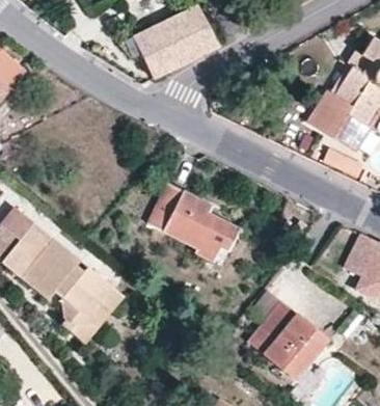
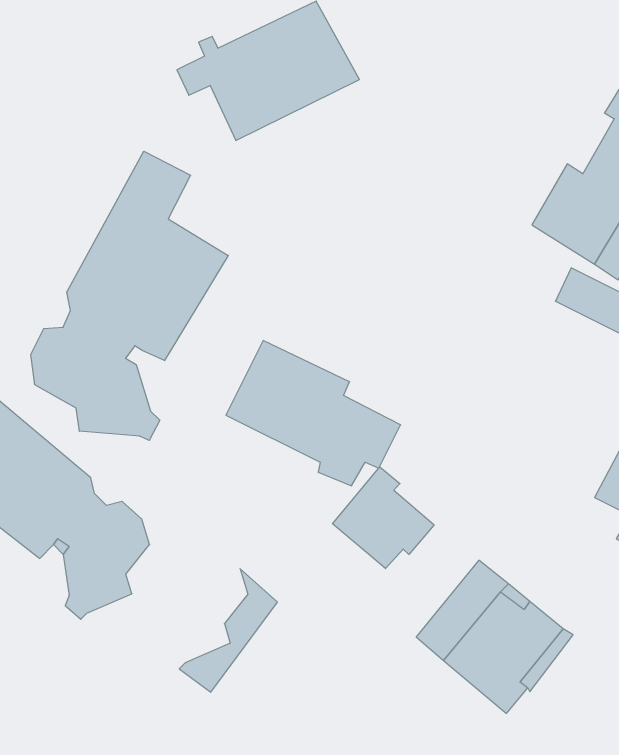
building: none -> [31,151,228,440]
building: none -> [333,467,434,569]
building: [71,278,123,344] -> [179,569,277,692]

